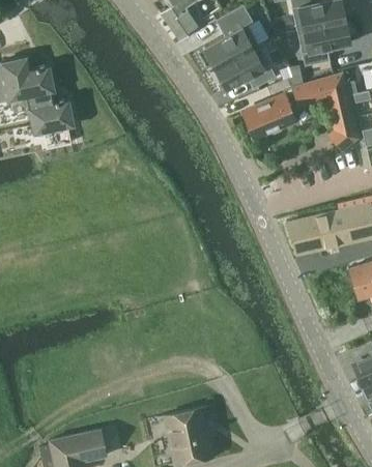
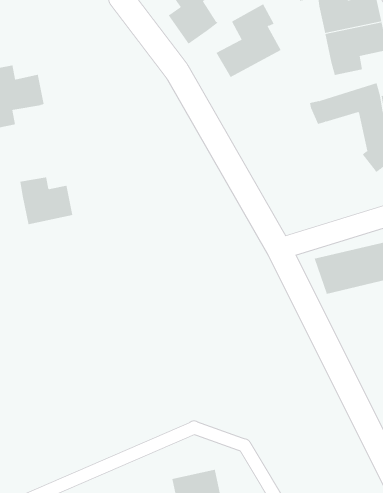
building: [216,45,277,90] -> none
building: [28,92,75,134] -> [19,177,73,225]
building: [244,94,296,138] -> none

